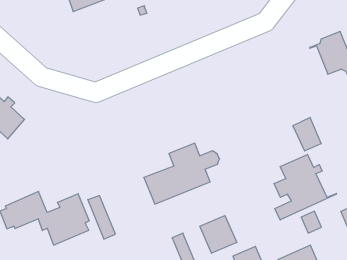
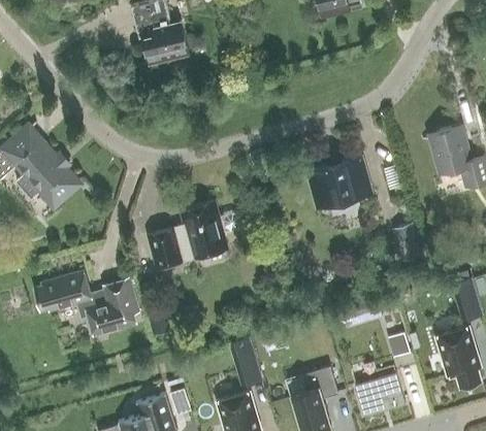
building: none -> [309,157,370,207]
building: [144,143,220,204] -> [149,202,240,268]
building: [274,154,336,220] -> none
building: [200,216,237,253] -> none

